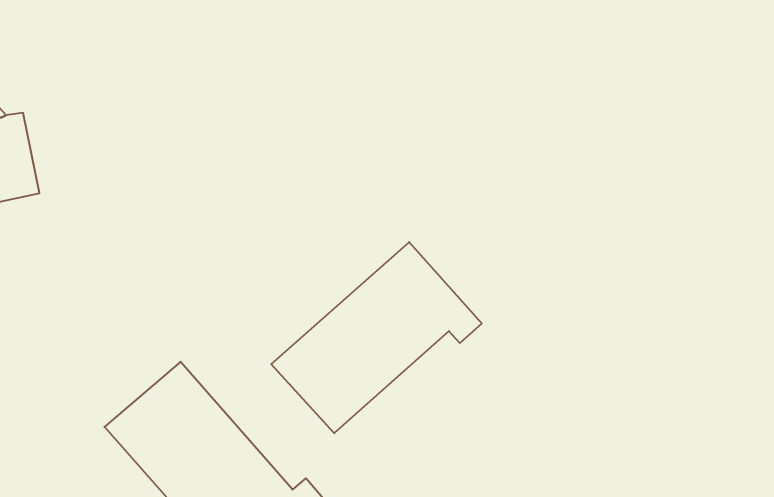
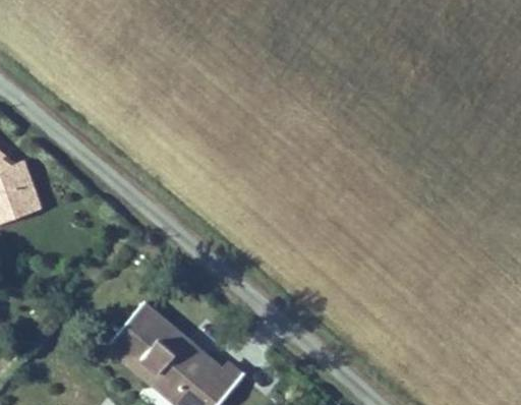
building: [271,242,482,433] -> none

